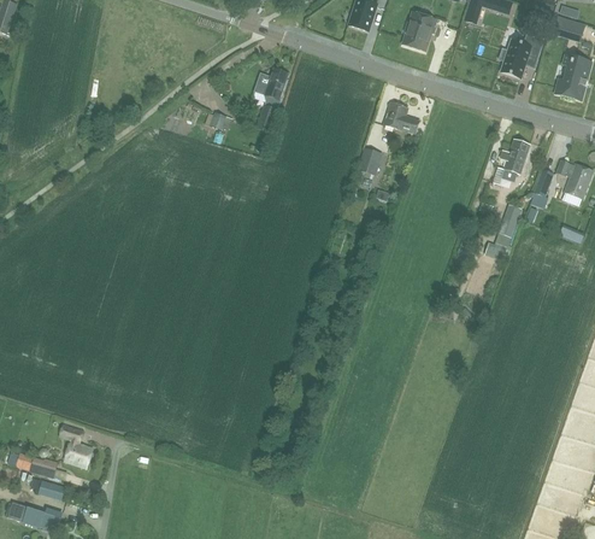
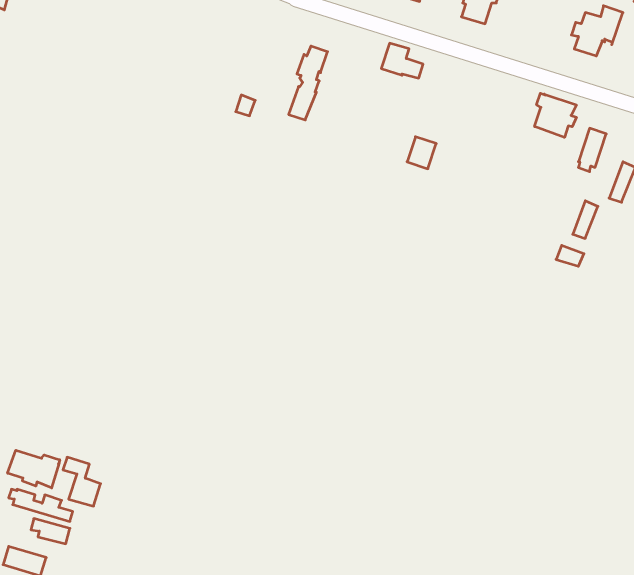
building: [383,102,419,133] -> [381,43,423,78]
building: none -> [535,93,576,137]
building: none -> [8,450,60,488]

